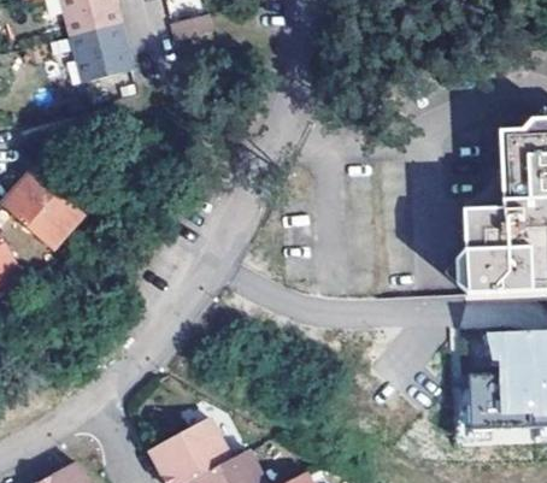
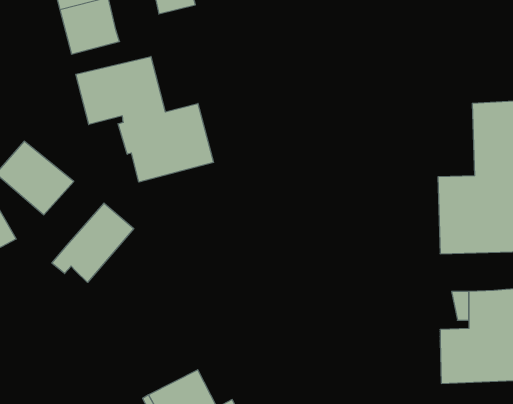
building: none -> [76,56,213,182]
building: none -> [52,203,134,282]

